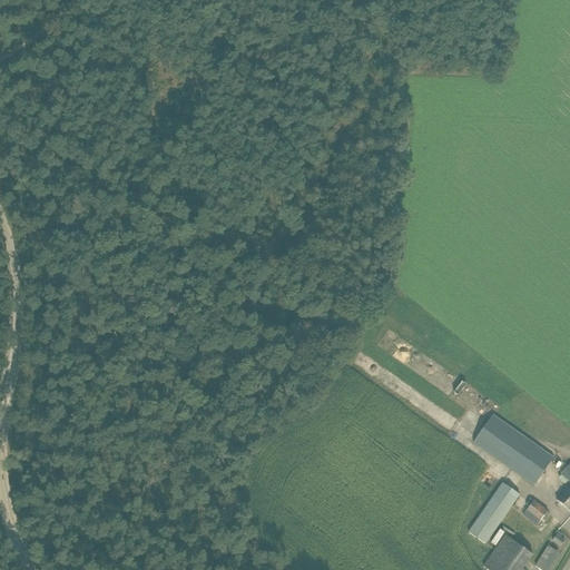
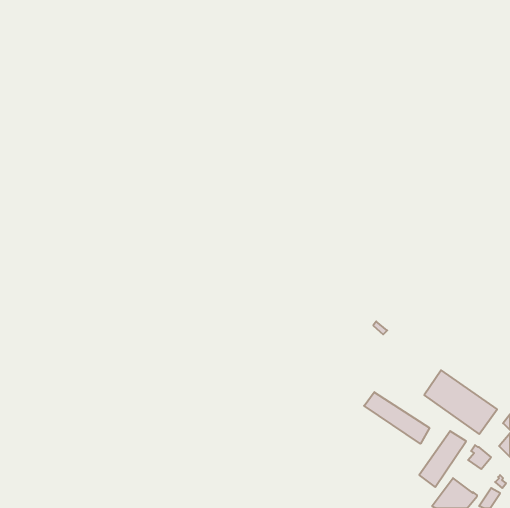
building: none -> [364,392,429,444]

